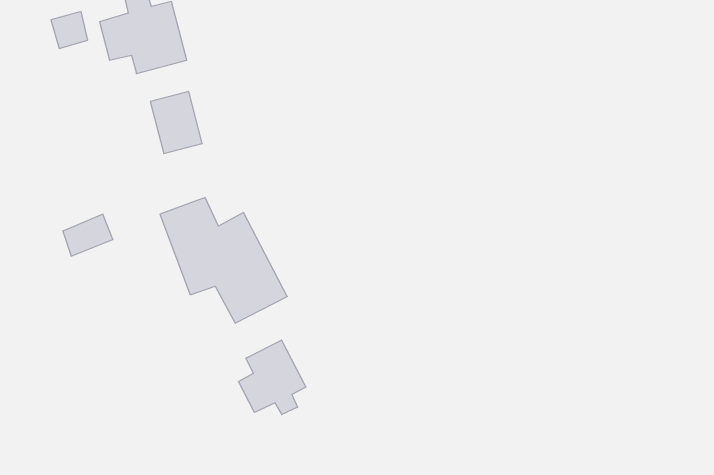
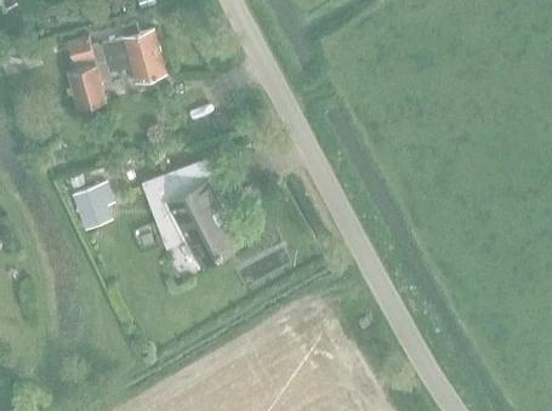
building: [150,92,202,154] -> [67,64,104,109]
building: [239,340,306,415] -> none

